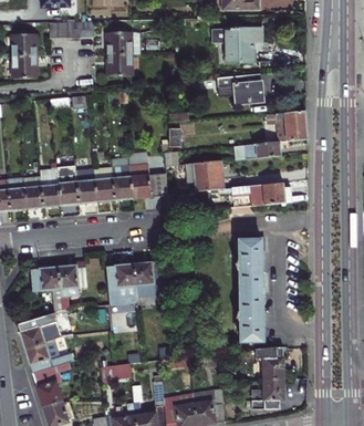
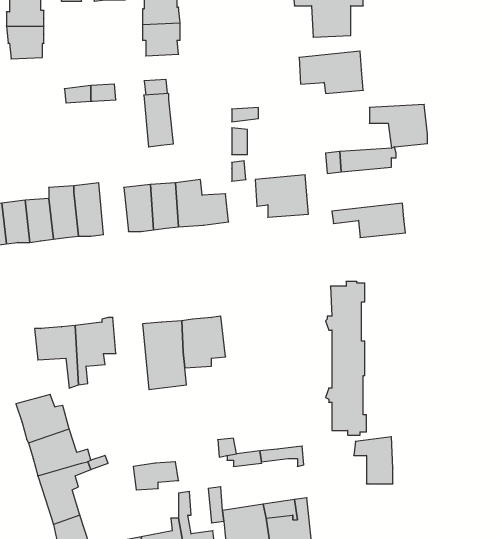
building: [75,165,96,202] -> [144,94,173,147]
building: [252,378,283,409] -> none

